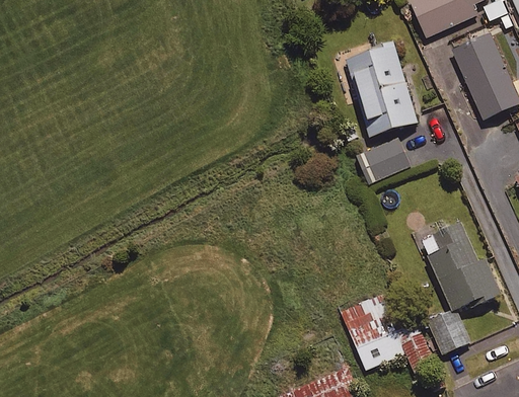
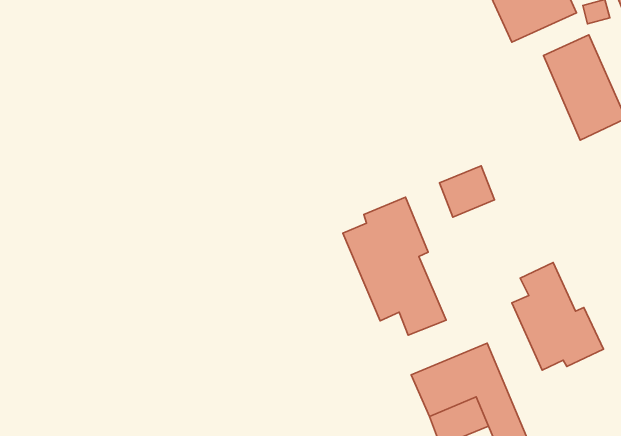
building: [346,39,418,136] -> none
building: none -> [343,197,446,335]
building: [430,312,471,355] -> none

